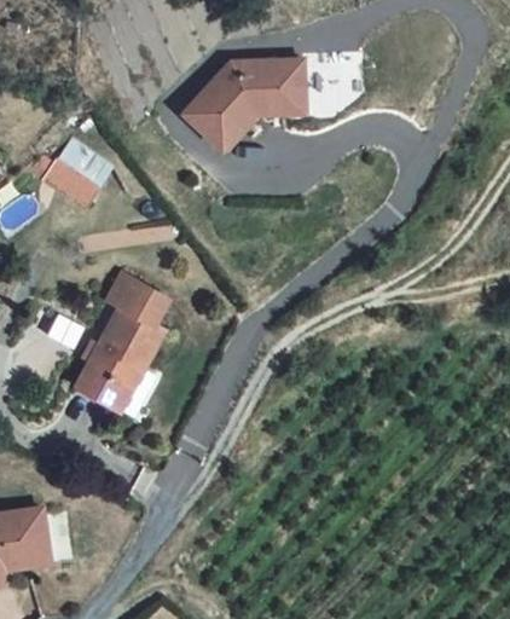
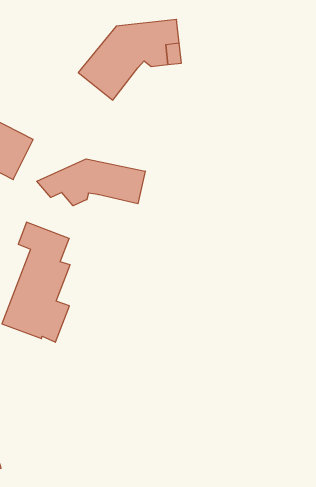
building: none -> [37,159,145,206]

